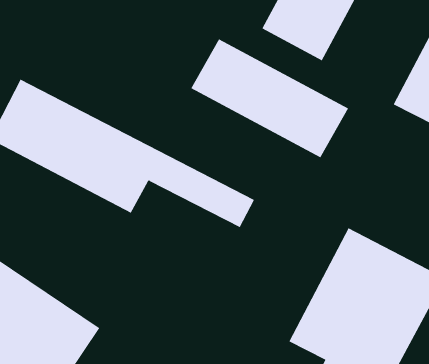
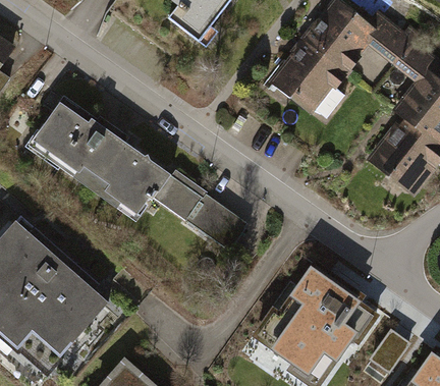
building: [191,38,349,158] -> none

